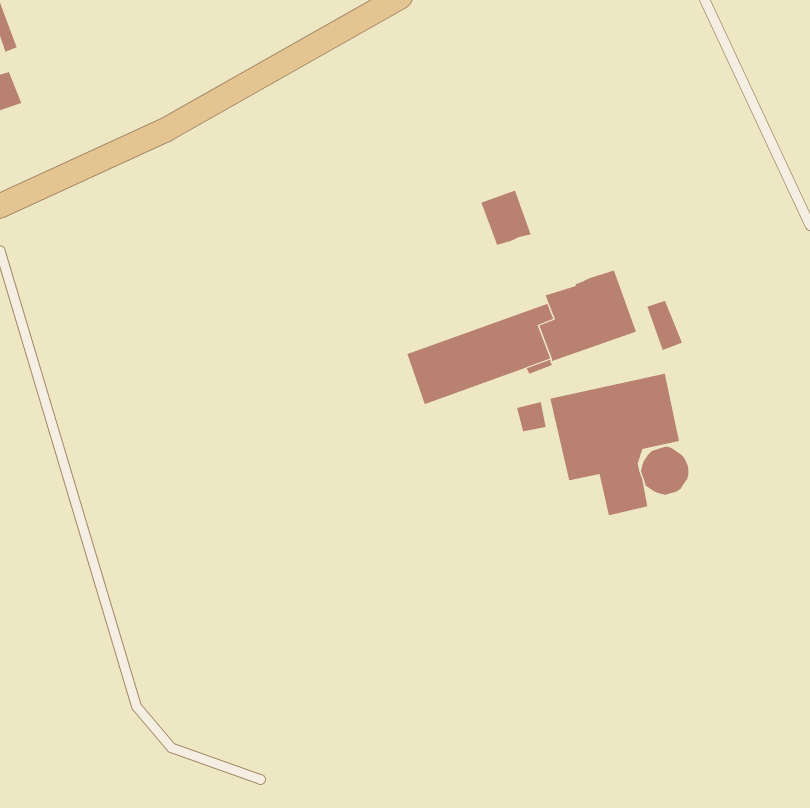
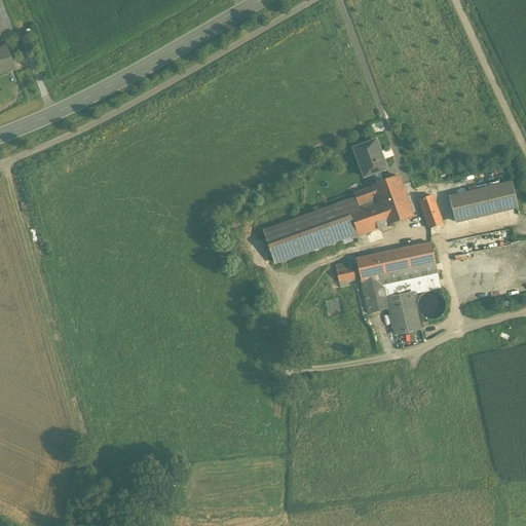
building: [481,190,531,245] -> [352,139,385,175]
building: none -> [449,181,516,221]

